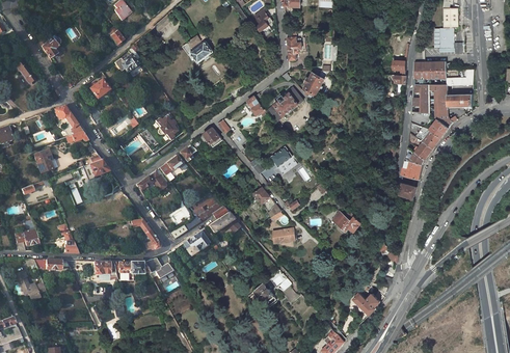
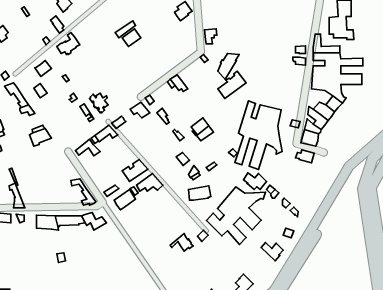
building: [270,87,303,119] -> [218,71,246,99]
building: none -> [235,101,282,169]
building: none -> [206,187,265,244]

